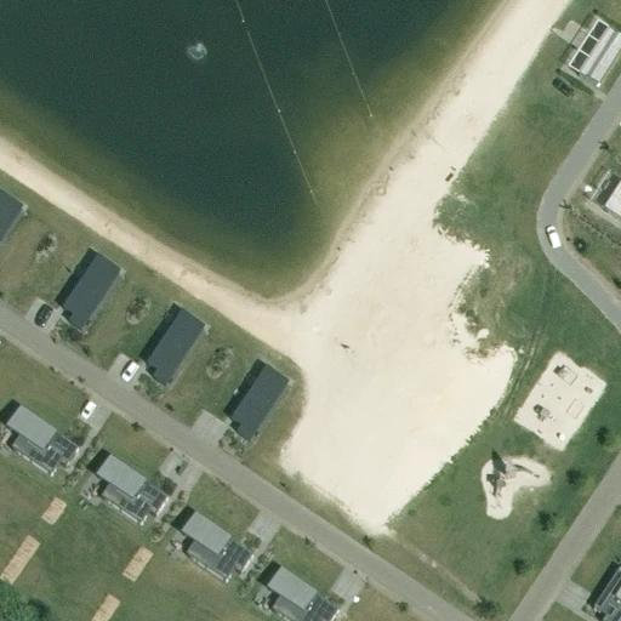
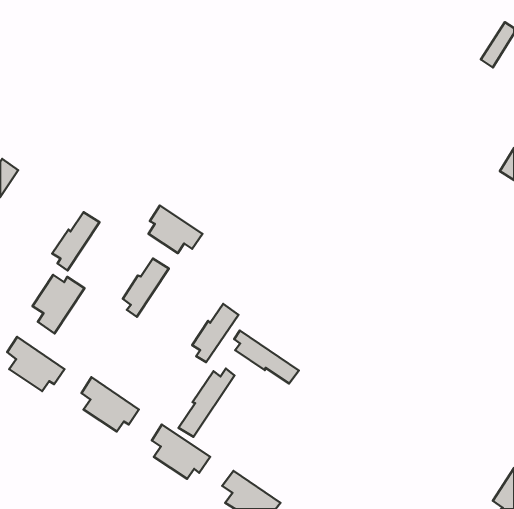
building: none -> [148,206,202,253]
building: none -> [32,275,85,333]
building: none -> [234,330,299,384]
building: none -> [179,369,235,437]

